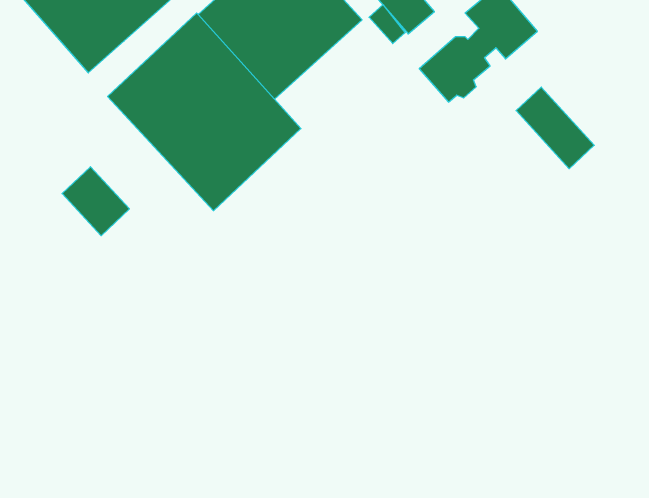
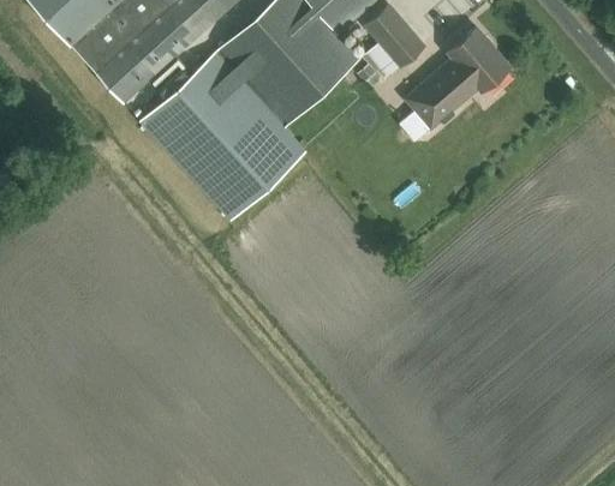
building: [516,87,594,169] -> none
building: [62,167,129,236] -> none

